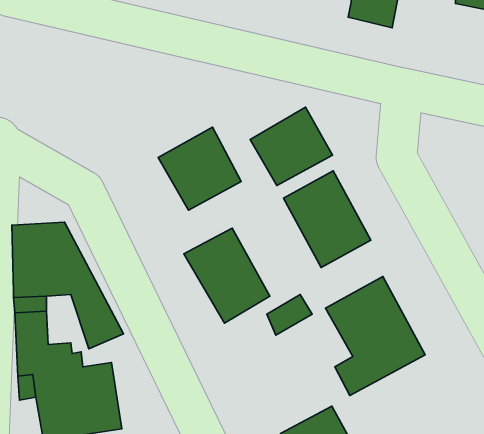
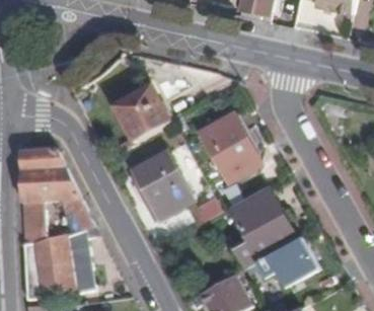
building: [250,107,332,185] -> none
building: none -> [246,236,319,286]

